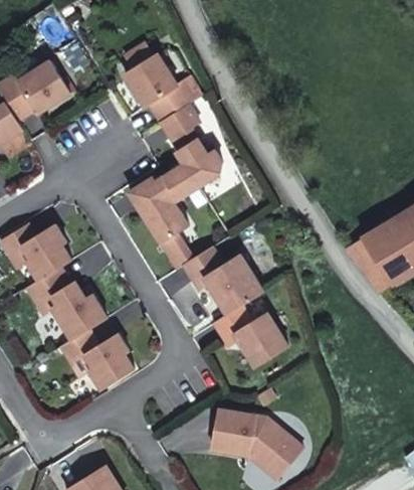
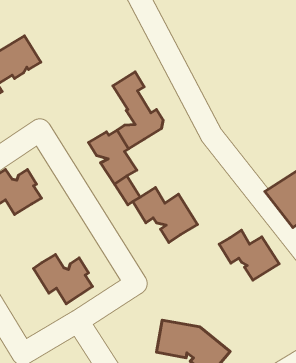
building: [124,53,193,121] -> none
building: [27,266,107,338] -> none
building: [214,304,287,365] -> [219,230,279,280]

